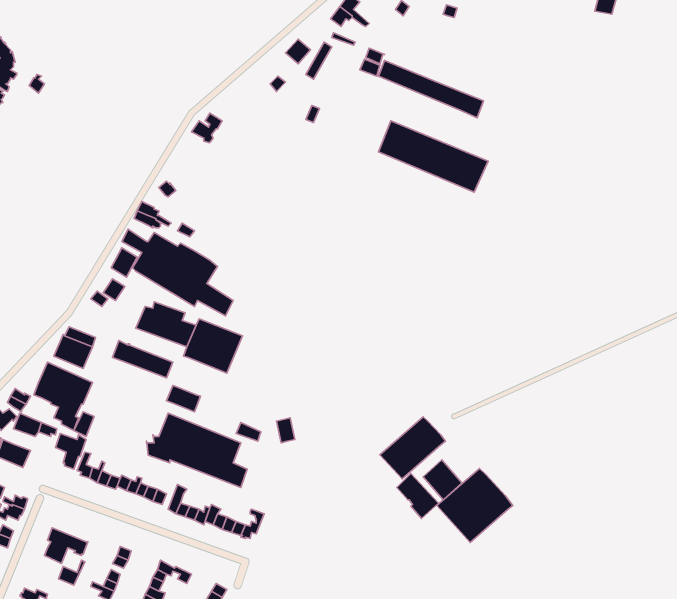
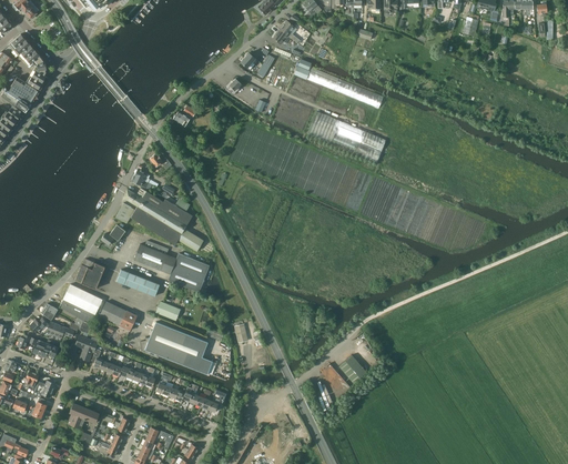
building: none -> [99,301,136,330]
building: [380,417,446,479] -> none
building: [437,468,513,542] -> none

